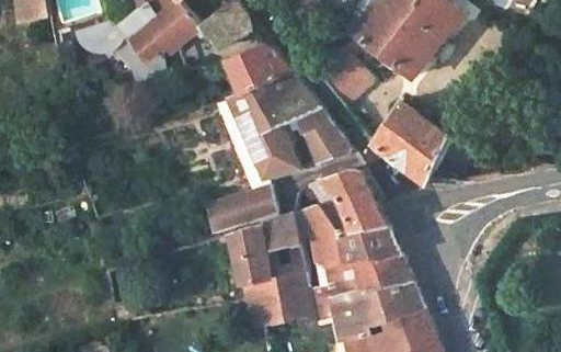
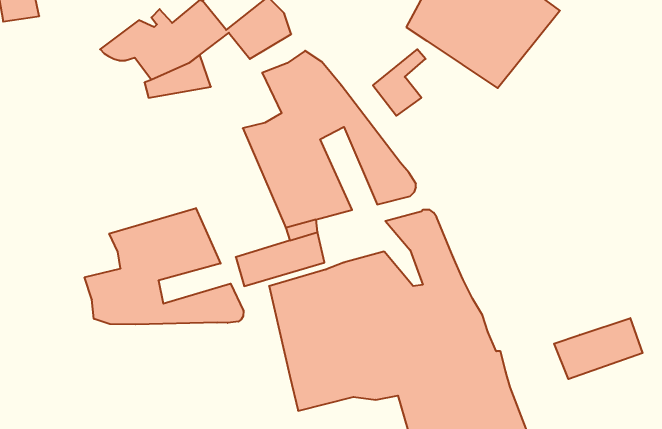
building: [369,102,450,182] -> none
building: none -> [85,208,243,324]
building: none -> [554,318,643,379]

